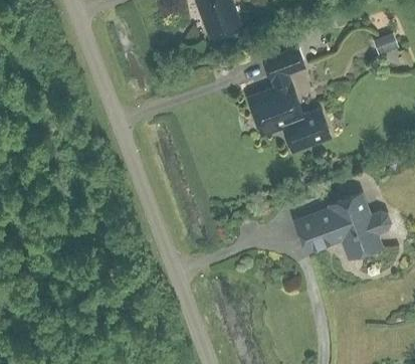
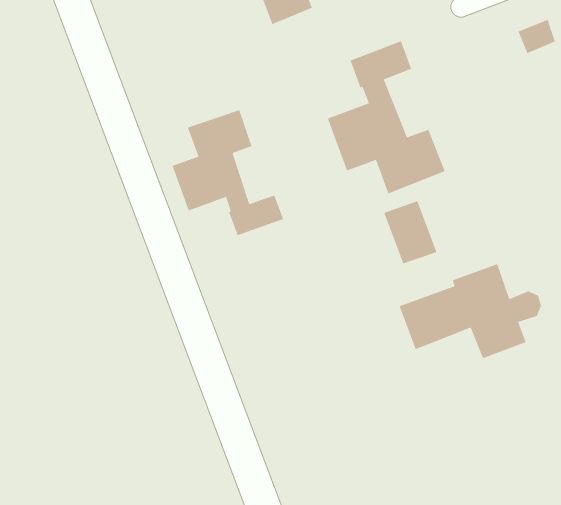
building: none -> [172,109,284,236]
building: none -> [383,200,438,265]

